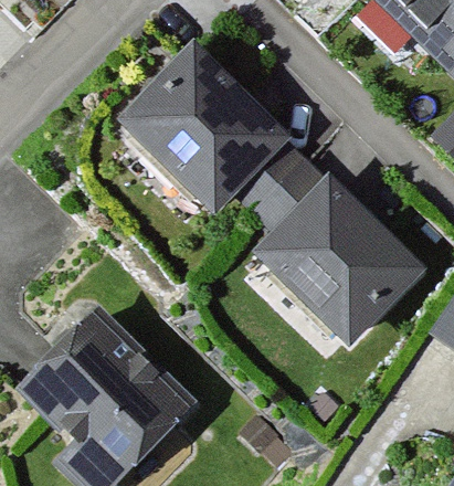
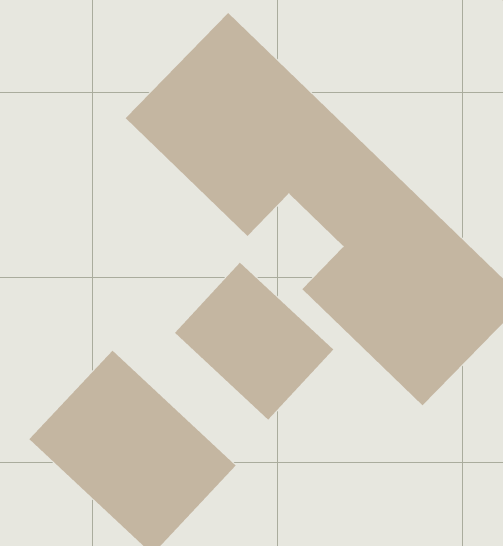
building: none -> [174,262,334,421]

